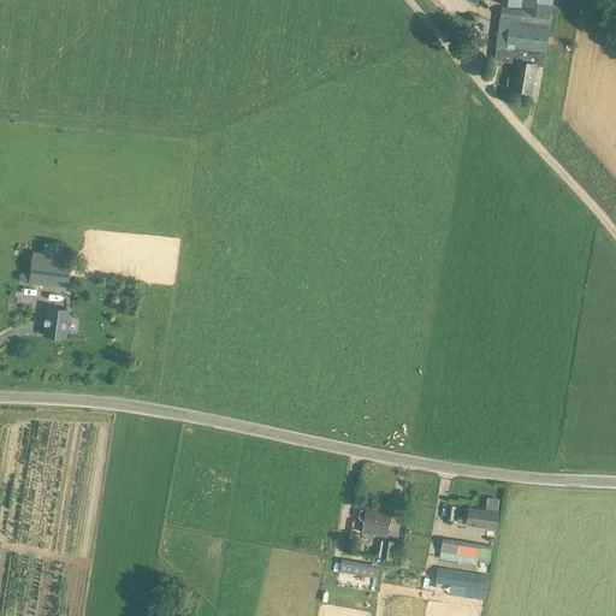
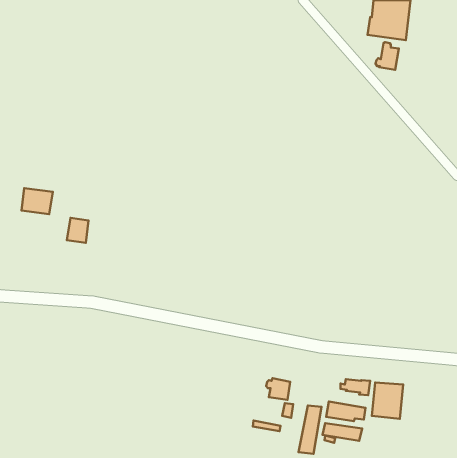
building: [41,307,70,340] -> [67,218,88,243]
building: none -> [372,383,403,419]
building: none -> [299,405,322,454]

